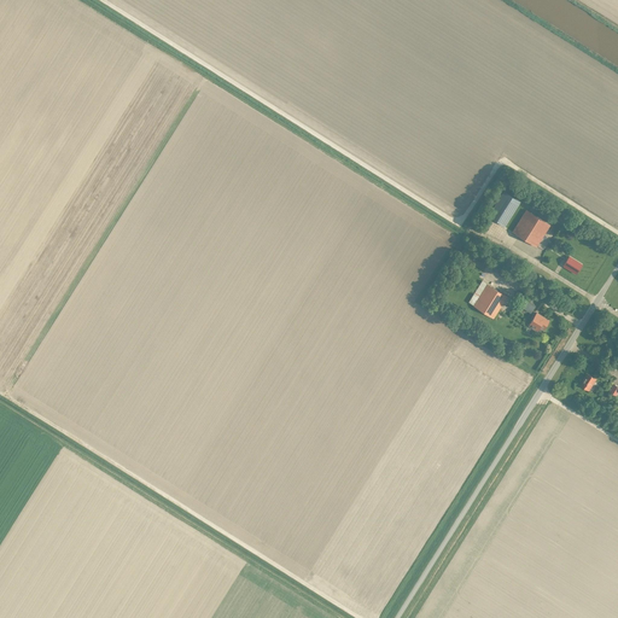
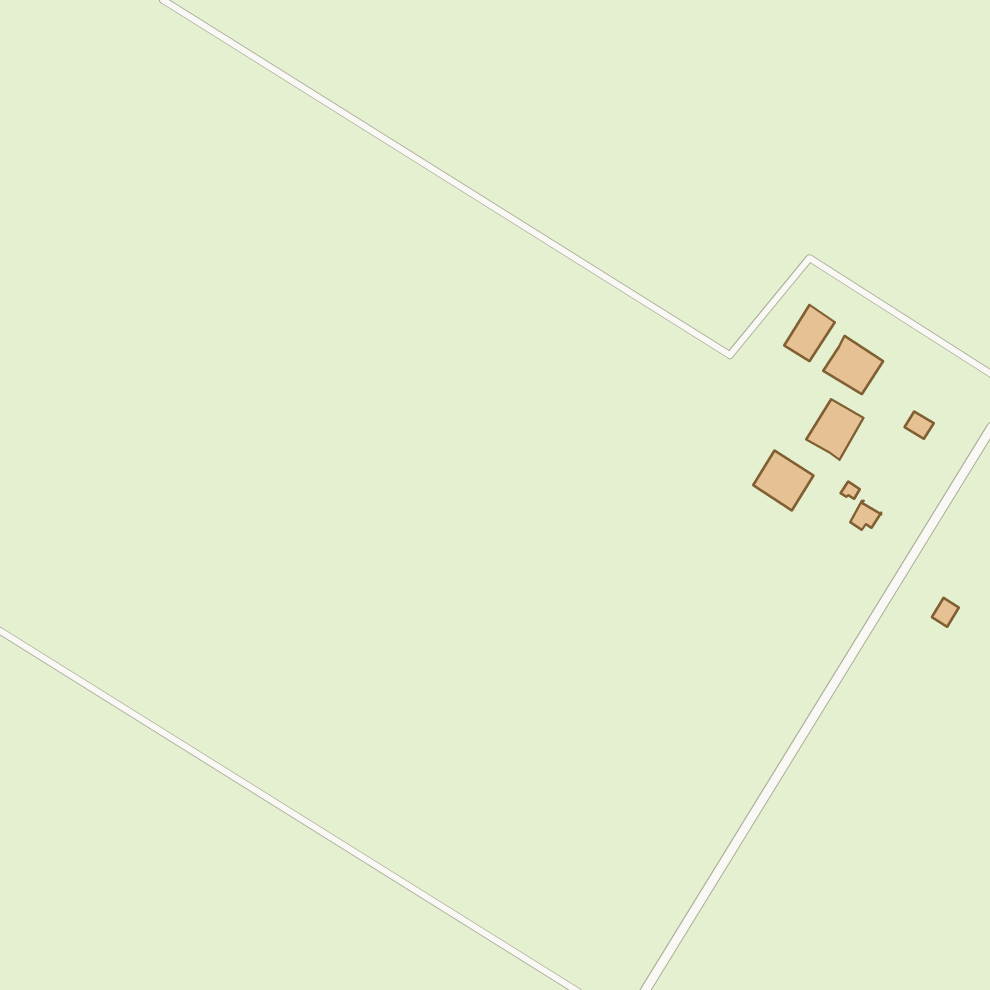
building: none -> [806,399,864,460]

